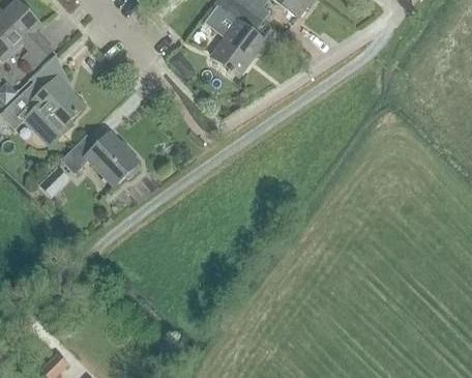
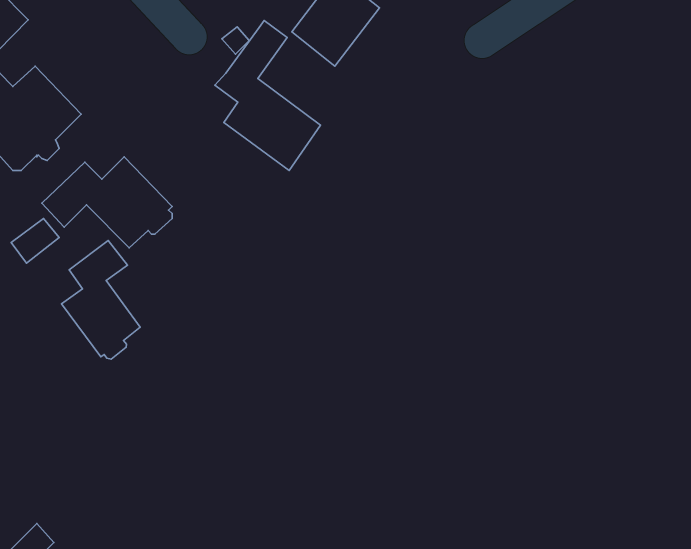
building: none -> [215,21,321,170]
building: none -> [61,241,140,359]

